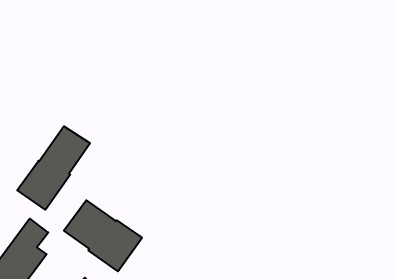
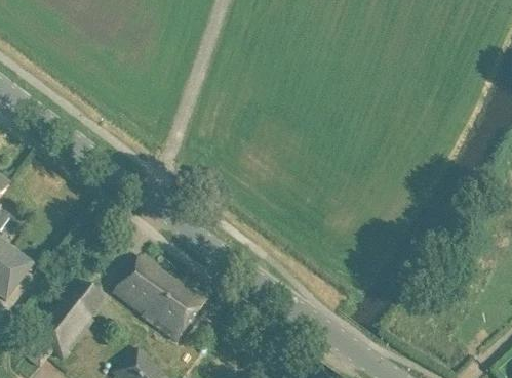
building: [17,126,90,210] -> none

